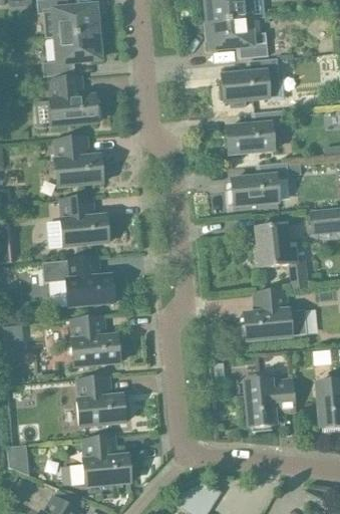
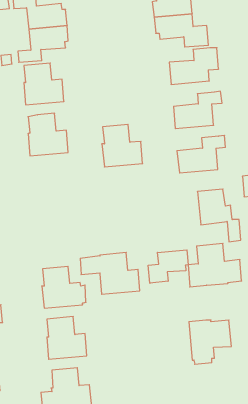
building: [60,196,108,246] -> [102,124,143,167]
building: [43,256,113,305] -> [80,252,140,294]
building: none -> [148,250,188,283]

